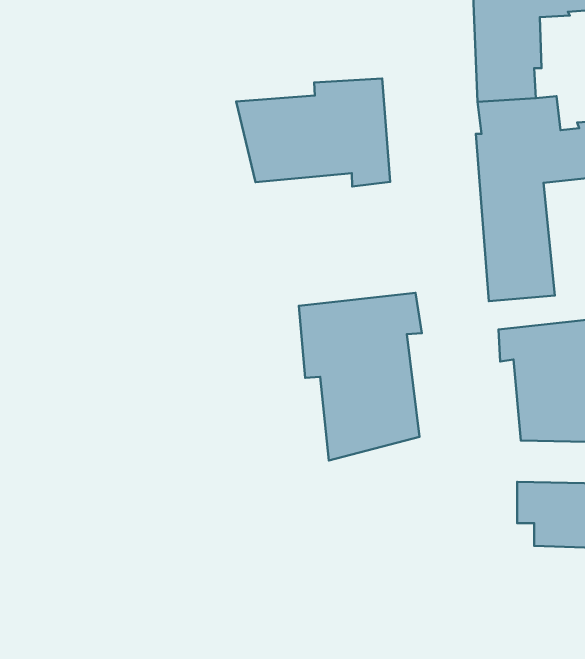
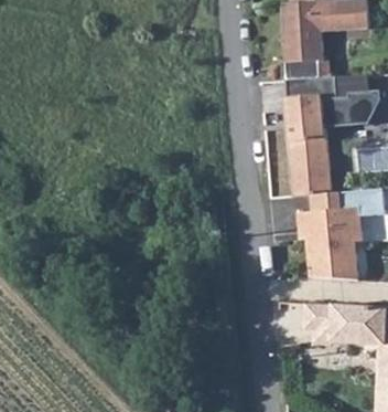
building: [236,78,390,187] -> none
building: [299,293,422,461] -> none

